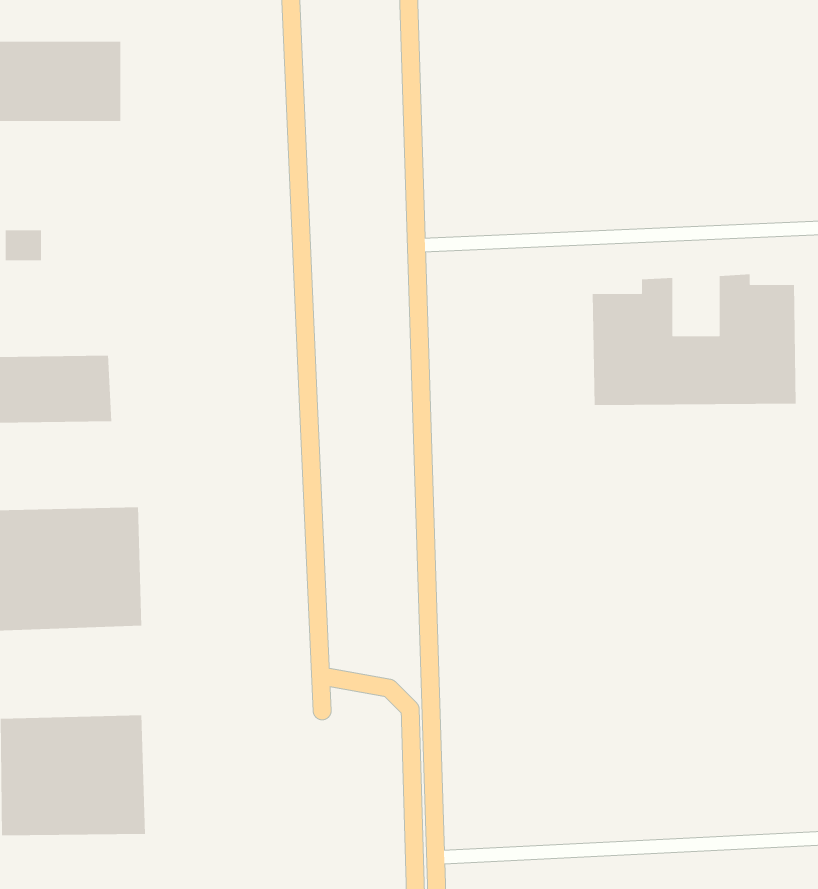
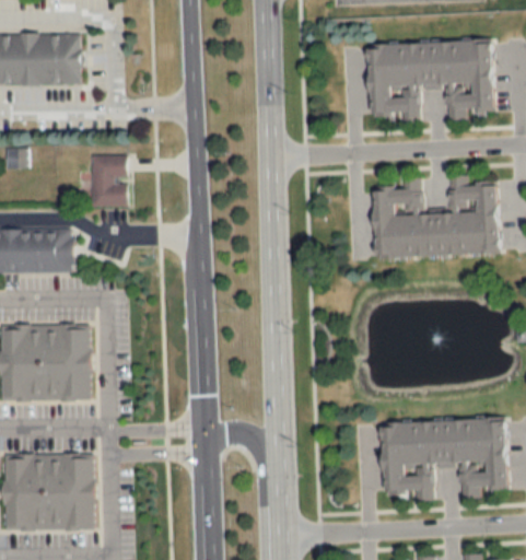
building: none -> [370,43,492,125]
building: none -> [91,152,128,203]
building: none -> [383,422,506,504]

